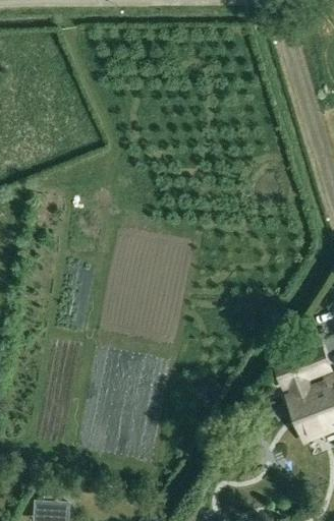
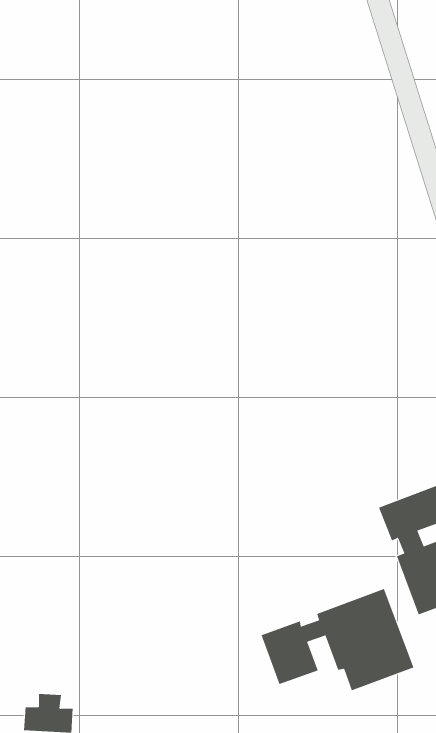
building: none -> [261,588,414,691]

